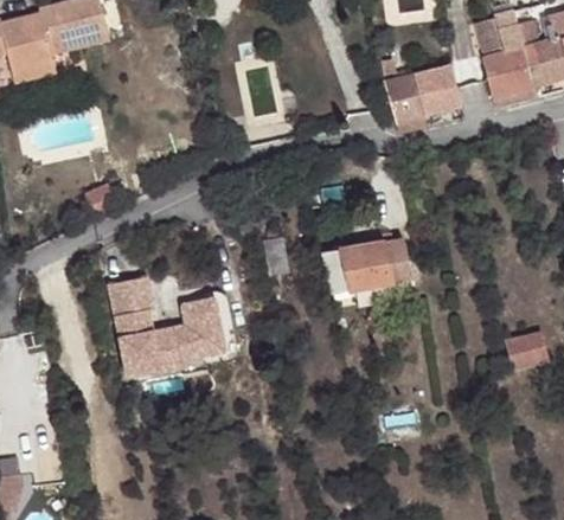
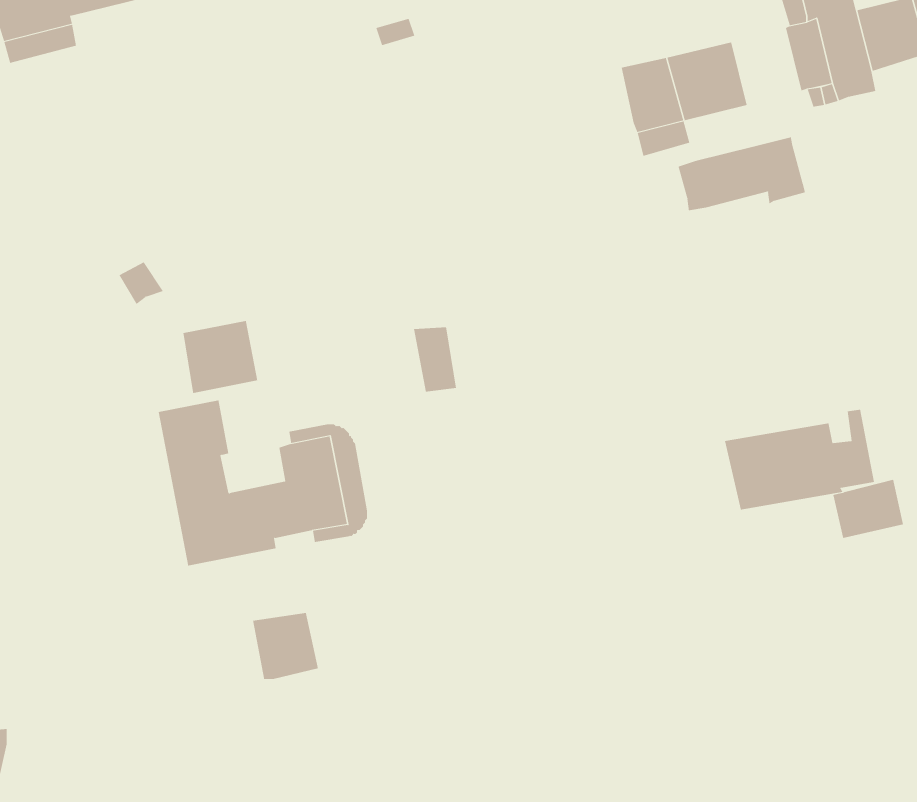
building: none -> [678,136,806,211]
building: none -> [183,320,258,394]
building: [319,233,409,294] -> [724,409,875,510]
building: none -> [252,612,318,680]

